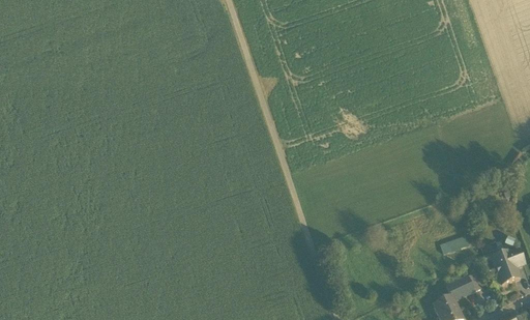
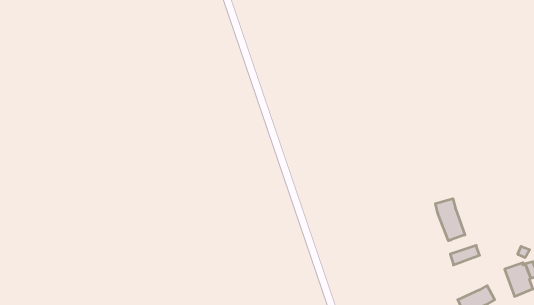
building: none -> [435,199,465,241]

